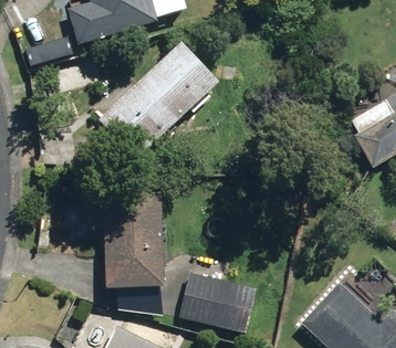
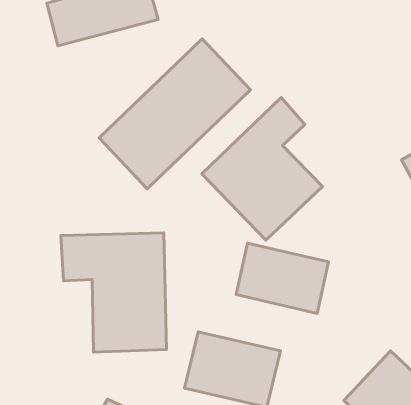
building: none -> [202,98,323,240]
building: none -> [236,243,329,313]

